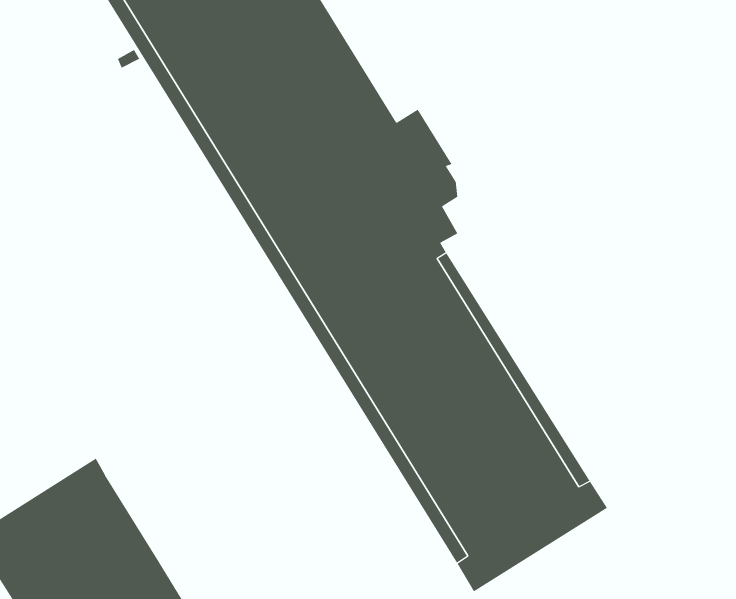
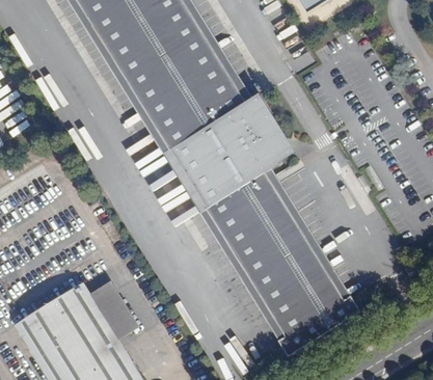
building: none -> [89,278,141,338]

